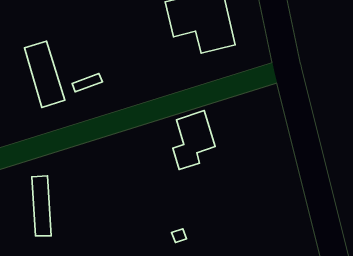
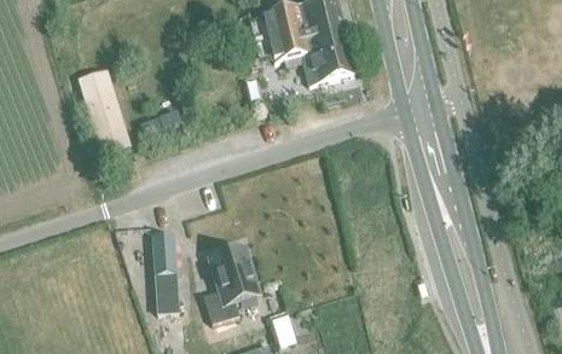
building: [173,111,215,169] -> [203,246,259,324]
building: [32,176,51,236] -> [155,237,180,315]

